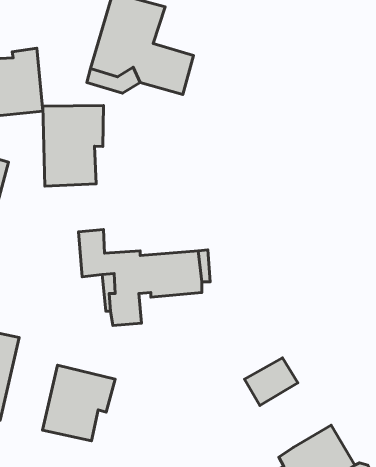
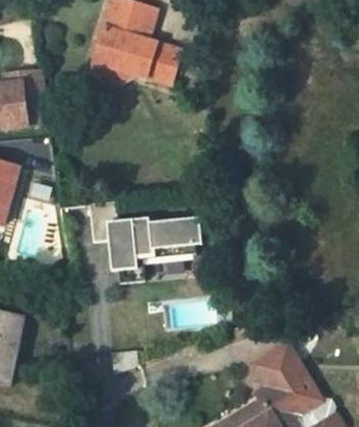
building: [43,105,103,186] -> none
building: [245,358,298,405] -> [250,357,296,398]
building: [43,365,115,441] -> none

